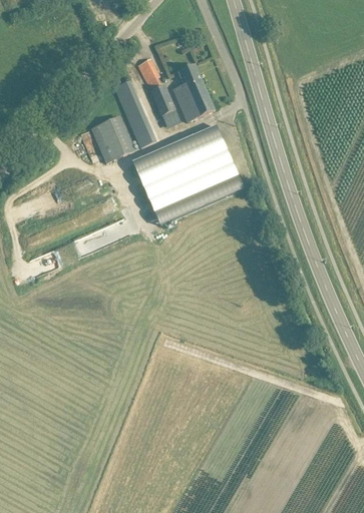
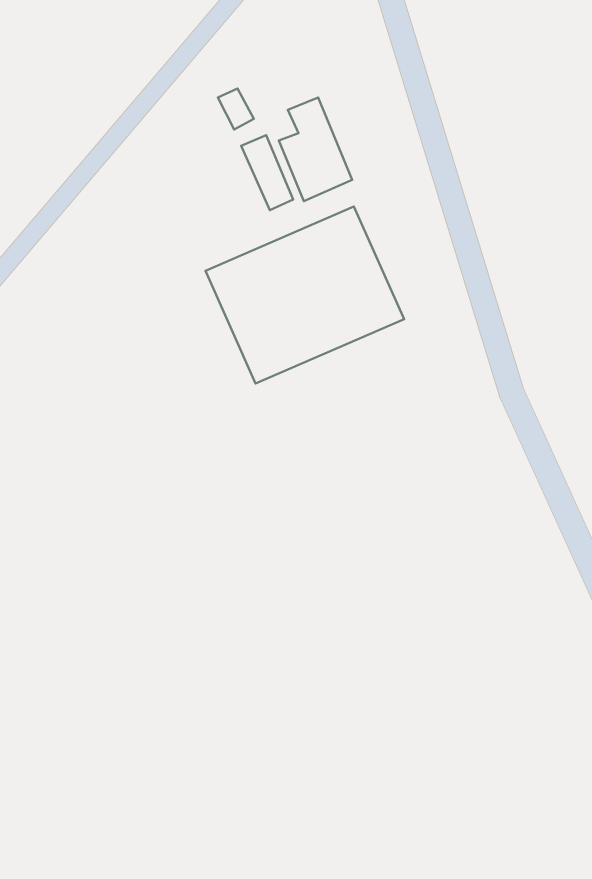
building: [113,81,155,148] -> none
building: [91,115,133,161] -> none

